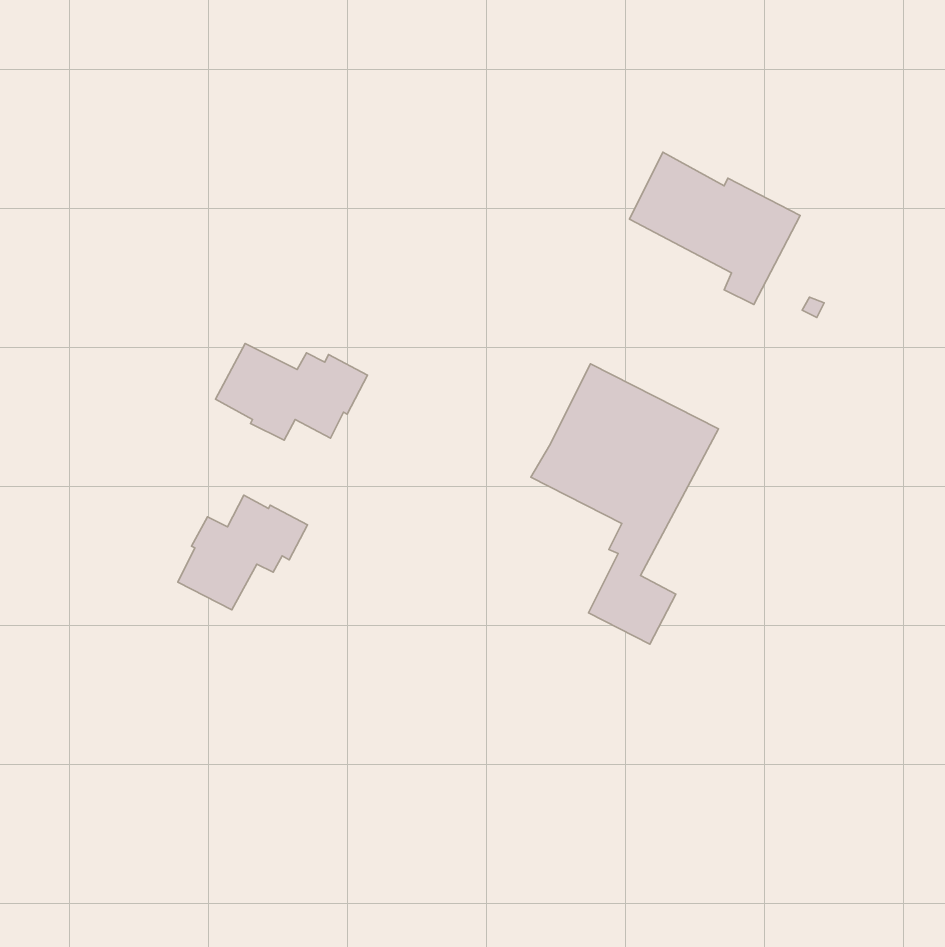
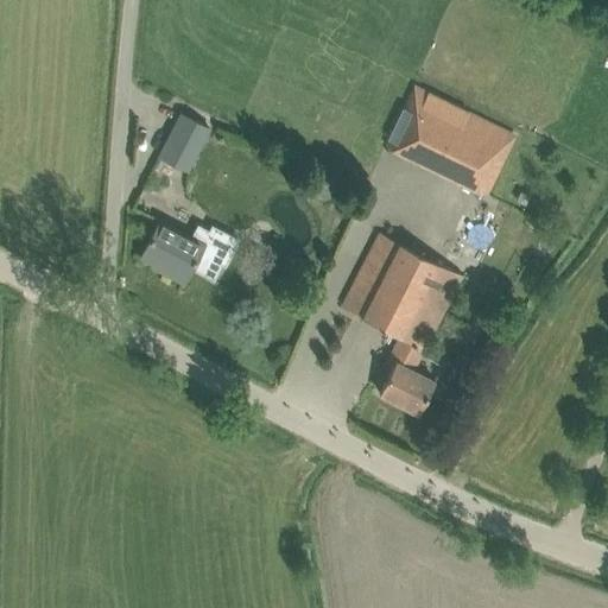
building: none -> [157,114,207,171]
building: [178,495,308,610] -> none

